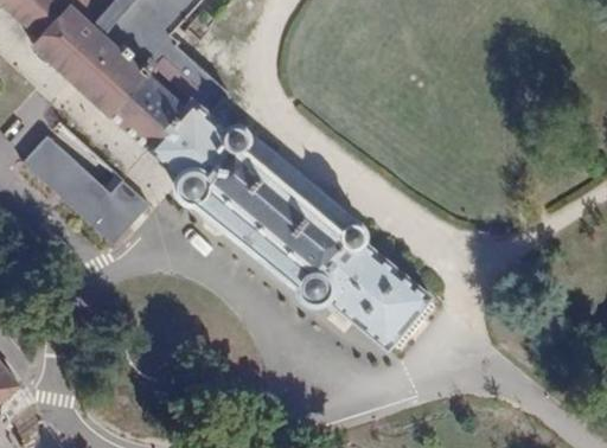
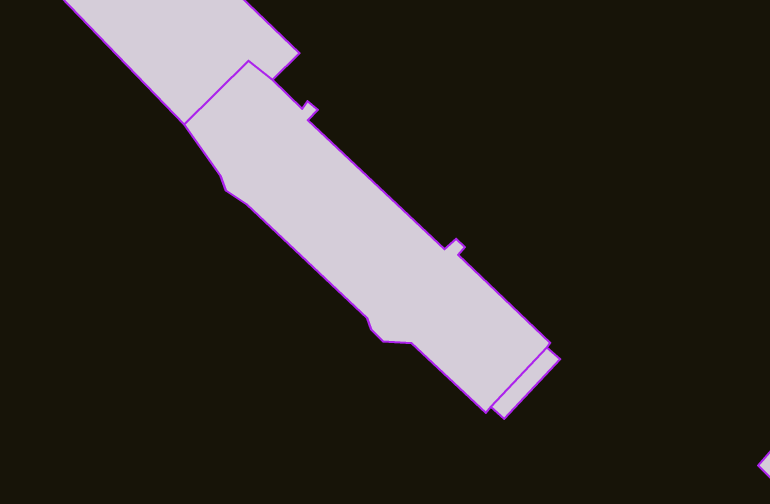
building: [20,132,147,242] -> none

